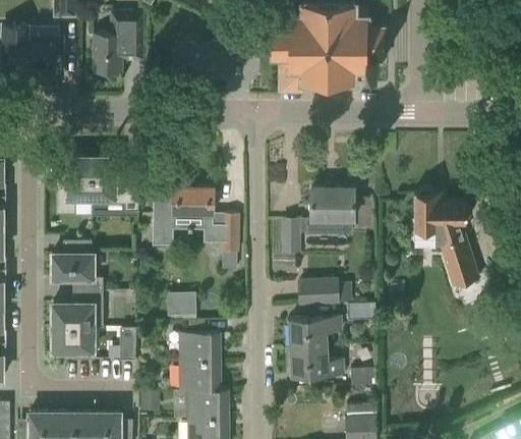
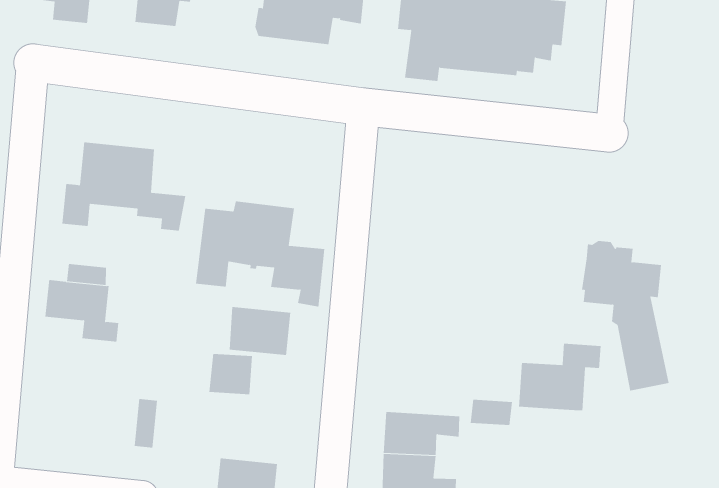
building: [306,188,353,234] -> none
building: [283,220,299,253] -> none
building: none -> [518,343,601,411]
building: [298,281,339,305] -> none
building: [52,291,103,352] -> none
building: [179,333,220,363] -> [229,306,291,356]

